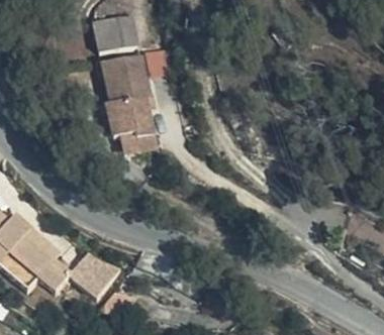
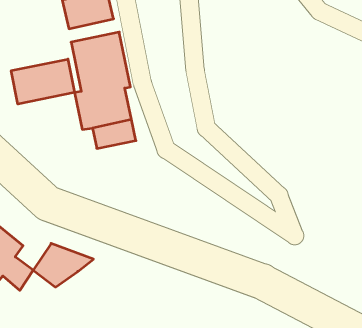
building: none -> [11,59,74,104]

